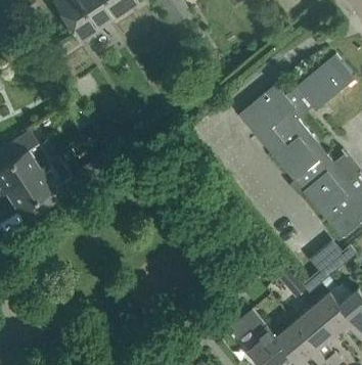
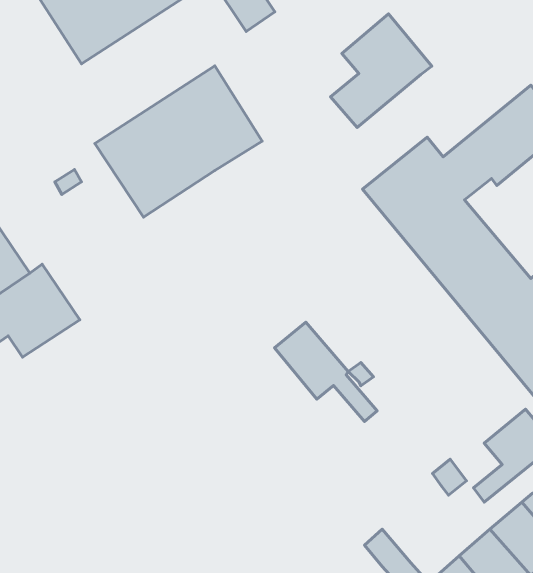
building: none -> [330,14,432,128]
building: none -> [95,66,262,217]
building: none -> [275,322,377,422]

